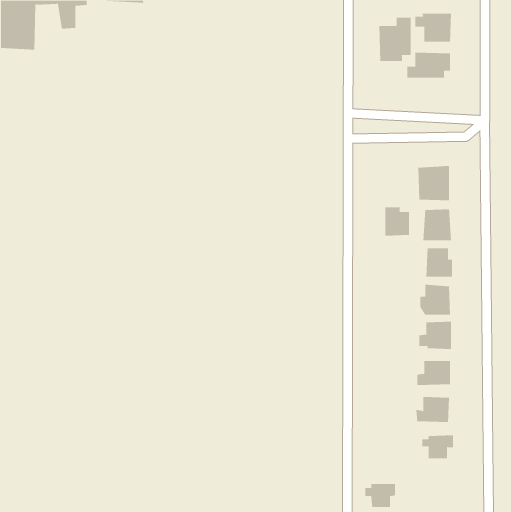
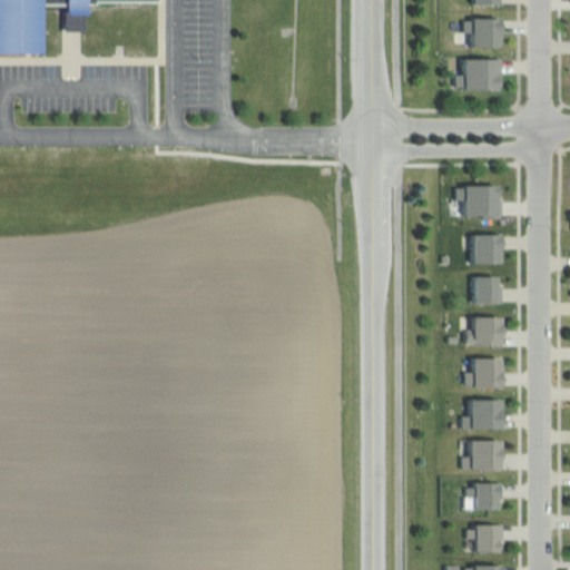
building: [379,17,411,62] -> none
building: [385,207,409,237] -> none
building: [365,483,396,508] -> [470,525,504,552]

